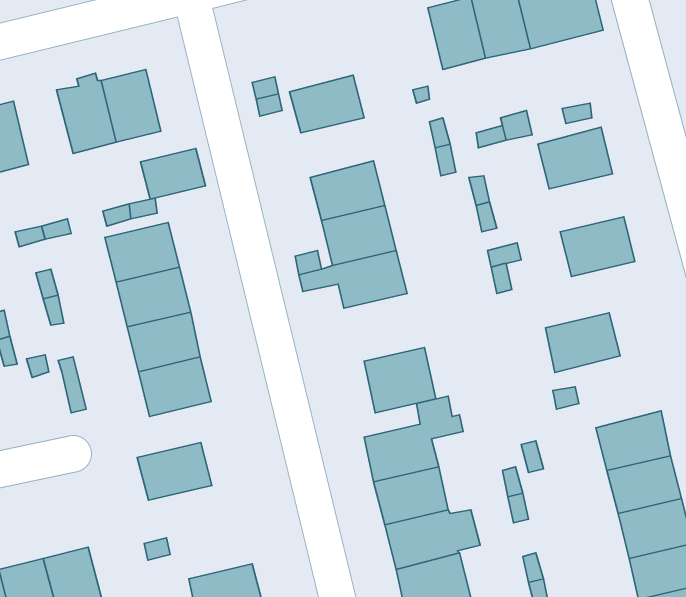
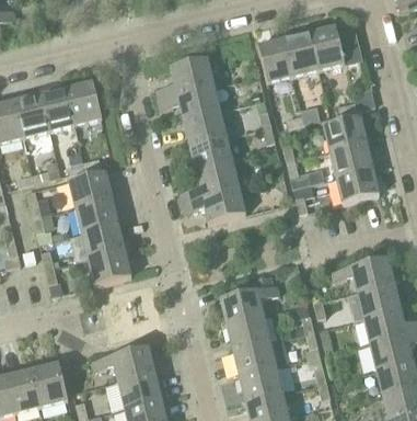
building: none -> [170,57,215,94]
building: none -> [15,93,50,137]
building: none -> [184,110,227,145]
building: [140,148,205,199] -> none
building: none -> [329,143,373,177]
building: [546,313,620,372] -> [351,257,395,292]
building: [364,347,436,413] -> none
building: [137,442,212,500] -> [112,346,155,380]

